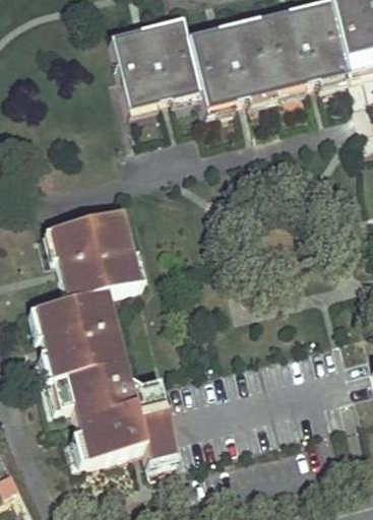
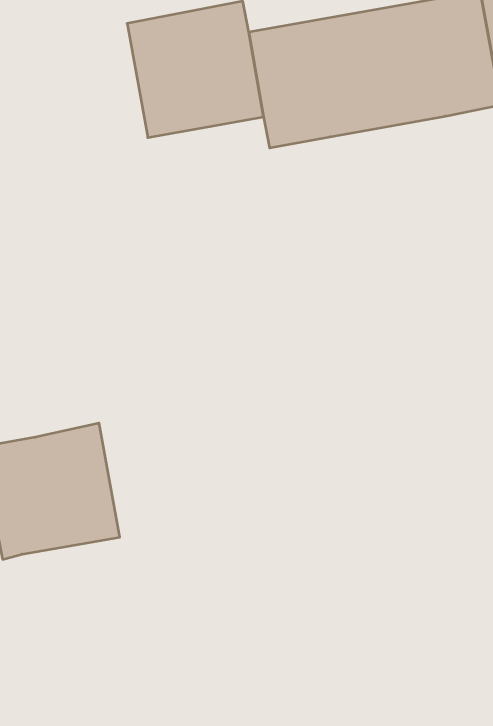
building: [50,208,140,300] -> none
building: [64,360,177,461] -> none

